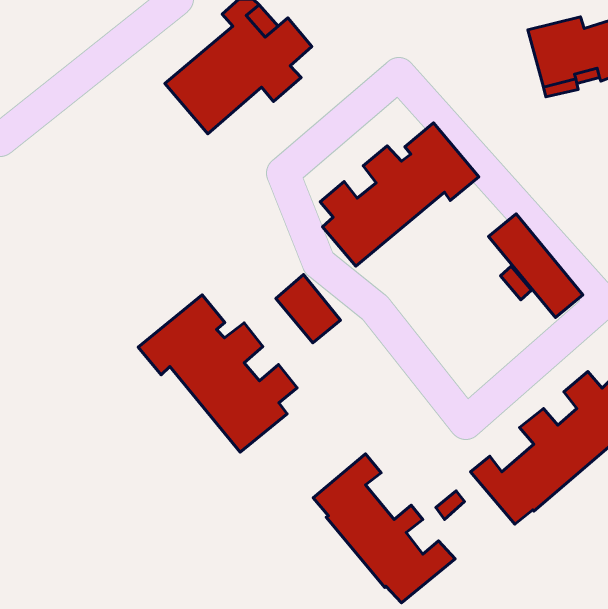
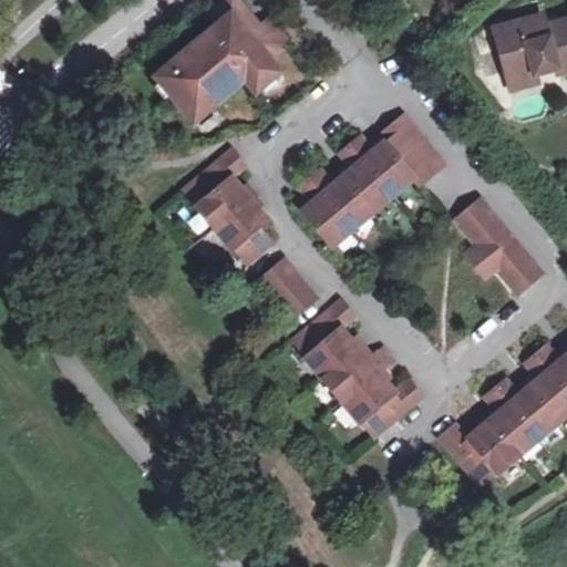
building: none -> [184,148,272,265]
building: [138,295,297,452] -> none
building: [313,454,455,603] -> [292,299,424,437]

